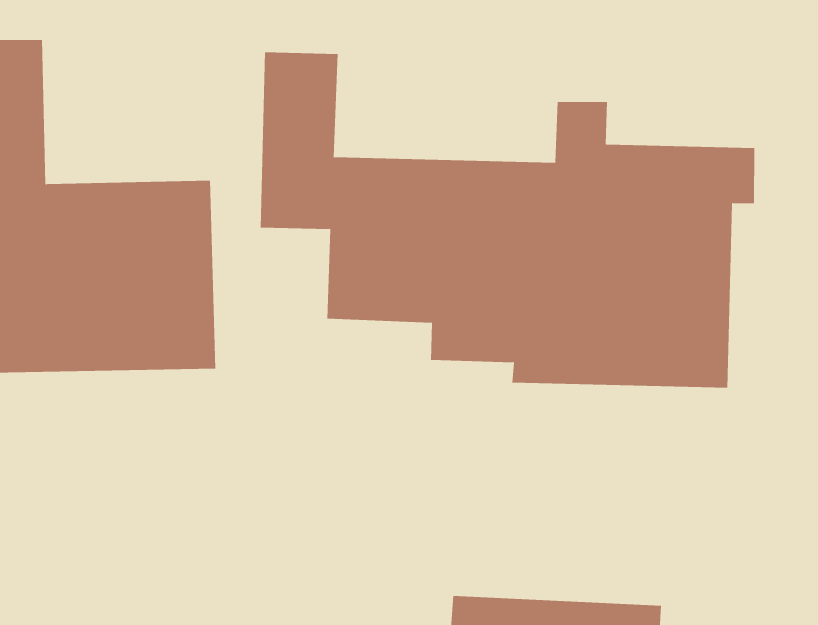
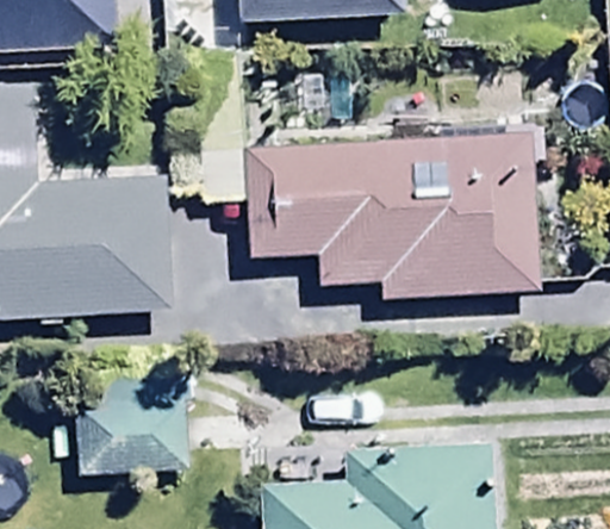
building: none -> [75,386,187,474]

